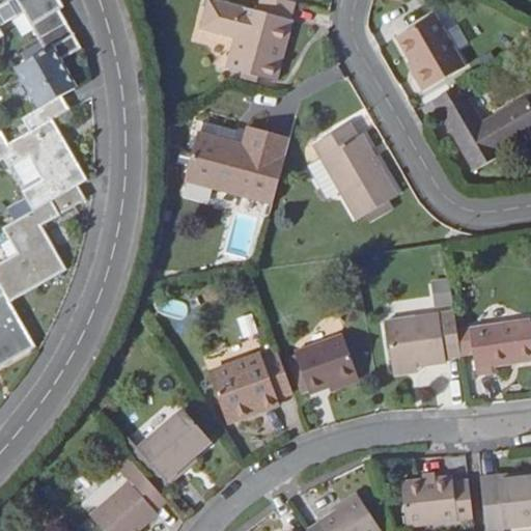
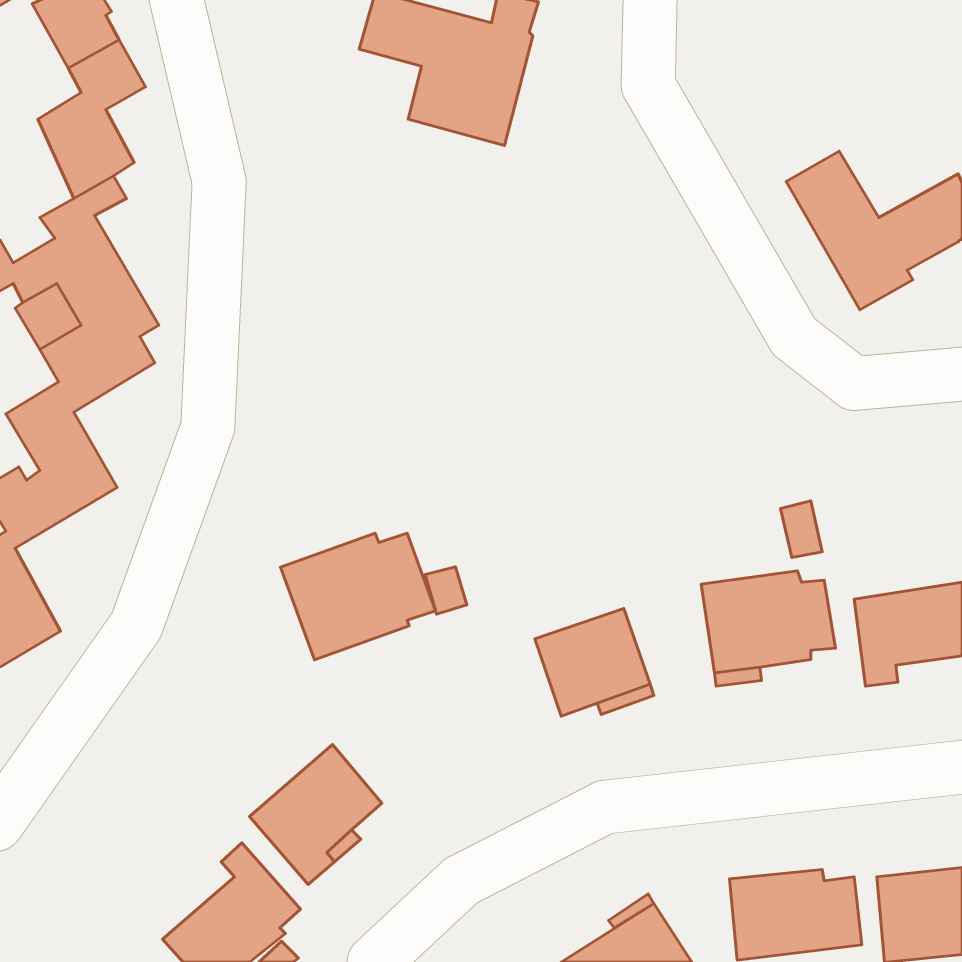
building: [395,15,464,89] -> none
building: [184,113,290,204] -> none
building: [312,121,397,219] -> none
building: [207,353,292,422] -> [281,533,436,660]

